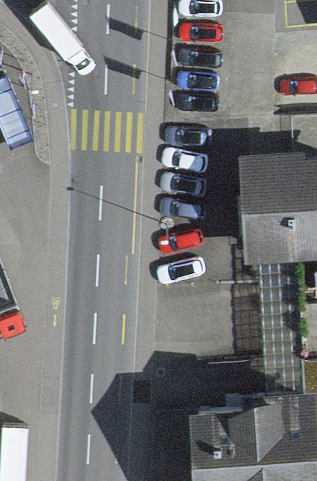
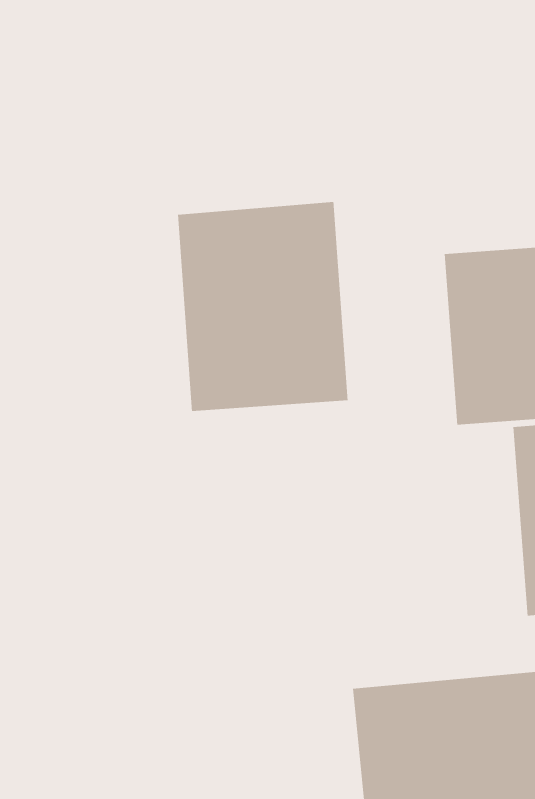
building: none -> [177,201,348,412]

